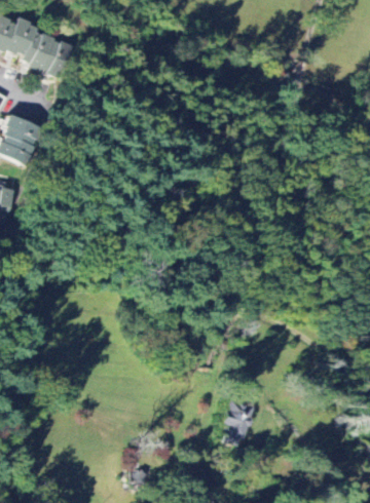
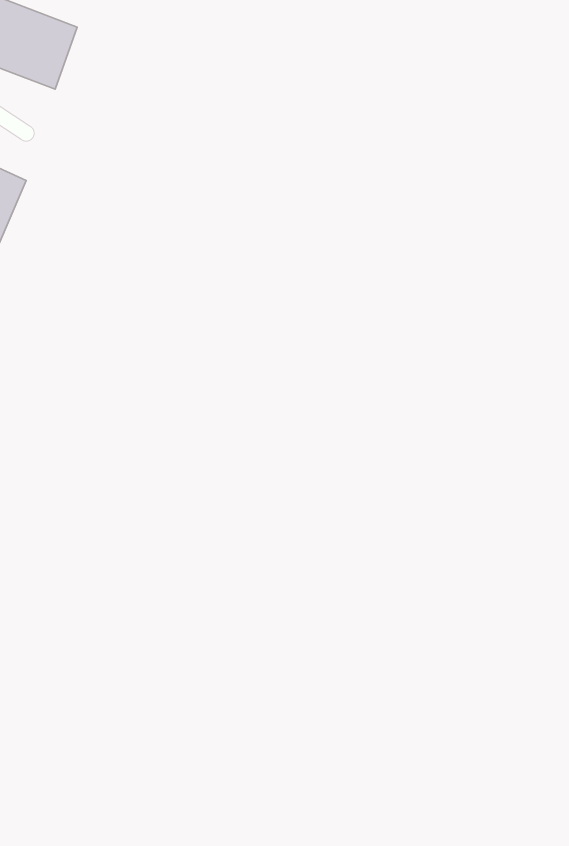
building: [223,396,257,435] -> none

